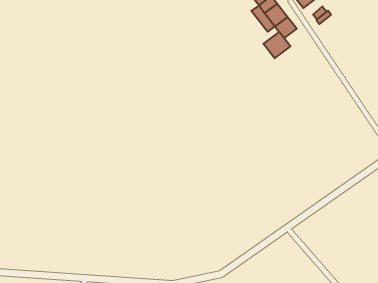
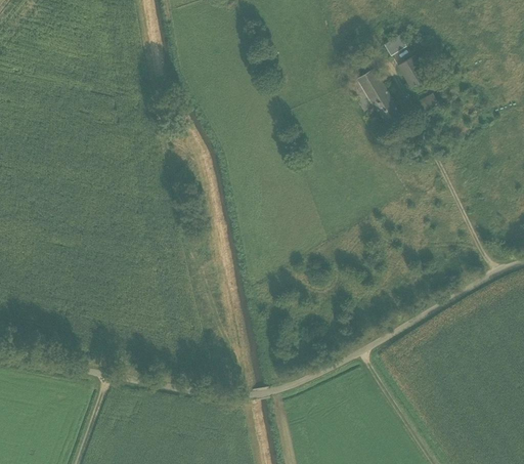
building: [263,32,290,58] -> none

